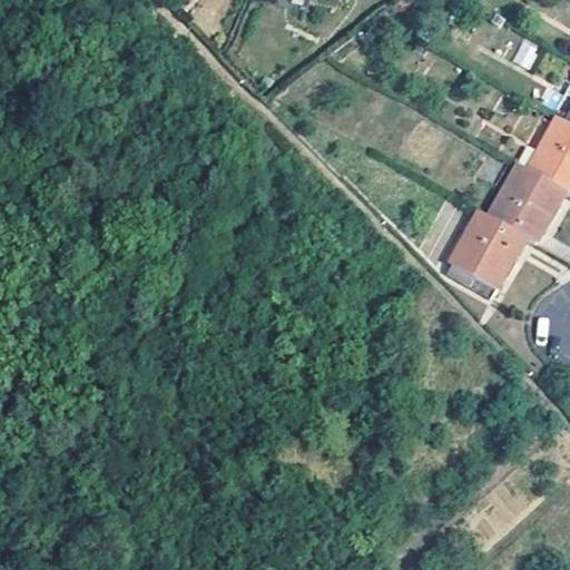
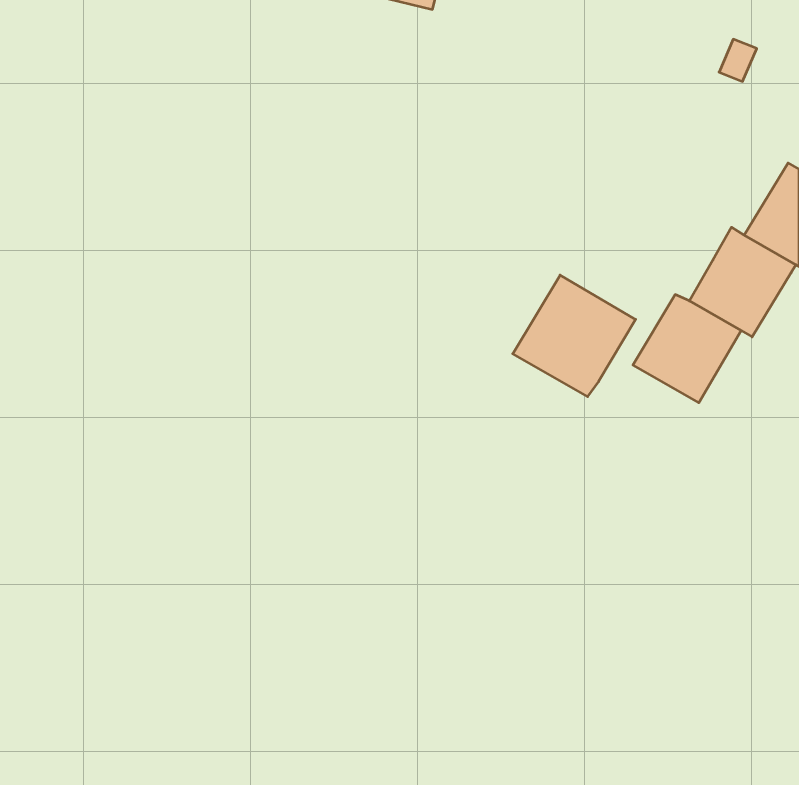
building: none -> [513,275,636,397]

